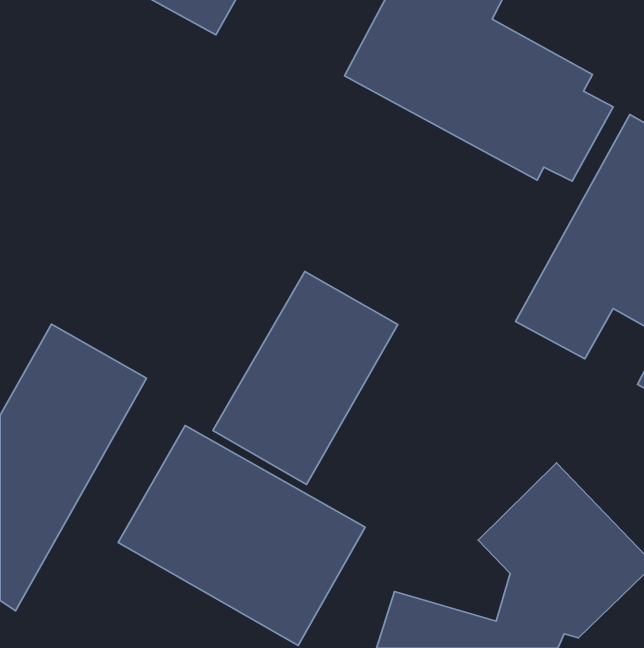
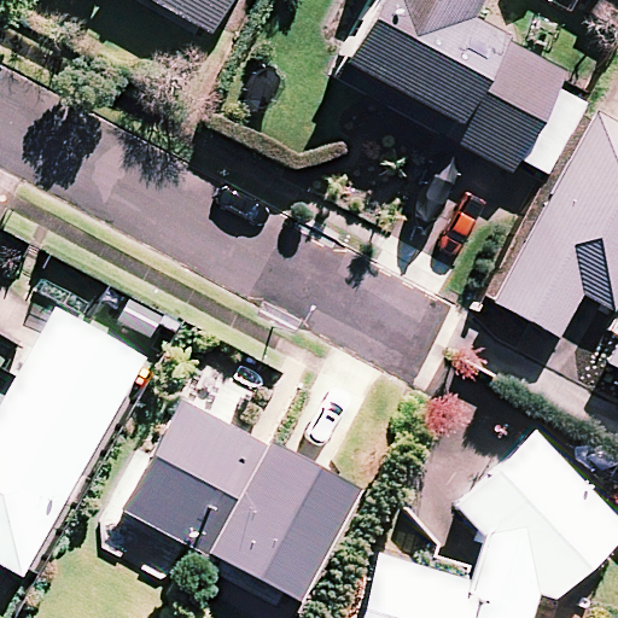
building: [213,271,398,485] -> none

